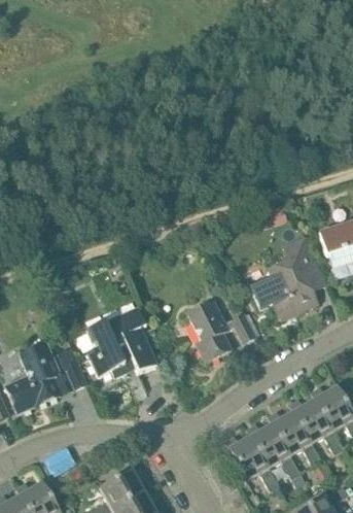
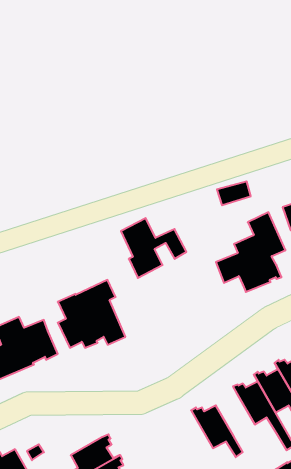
building: [188,301,256,363] -> [121,218,186,278]
building: [246,423,305,485] -> none

